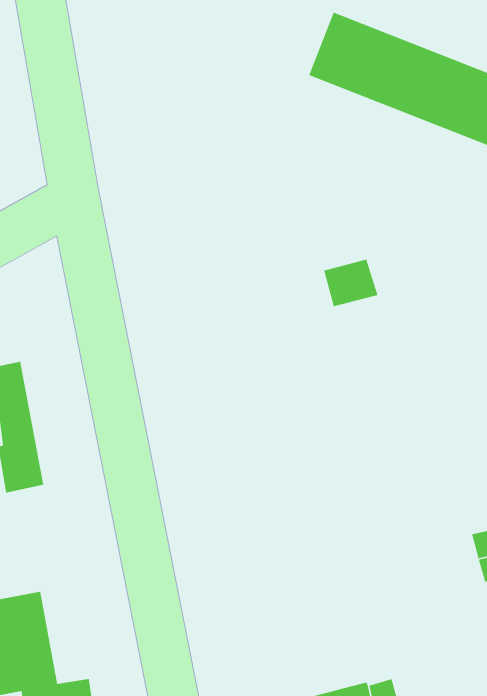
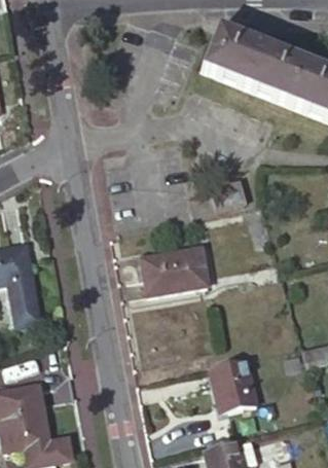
building: none -> [140,248,208,295]
building: none -> [209,359,255,411]

